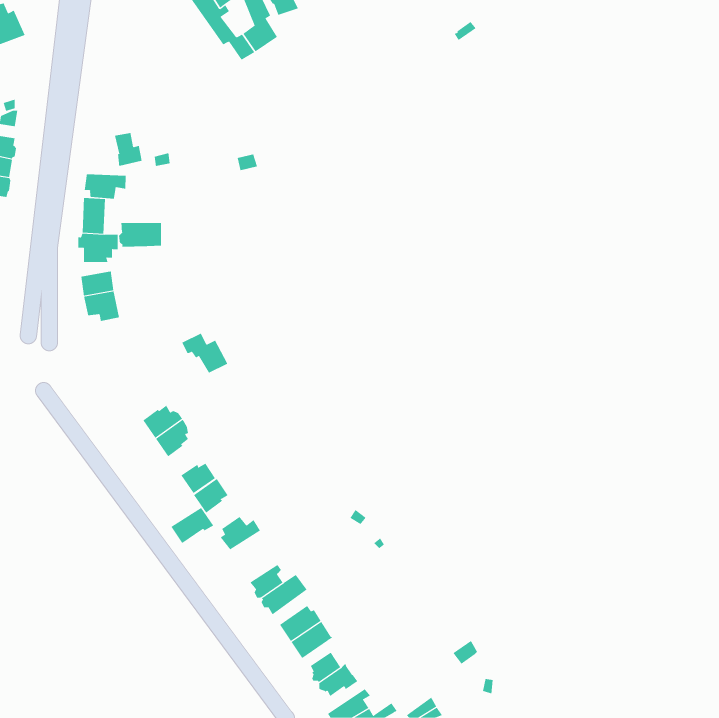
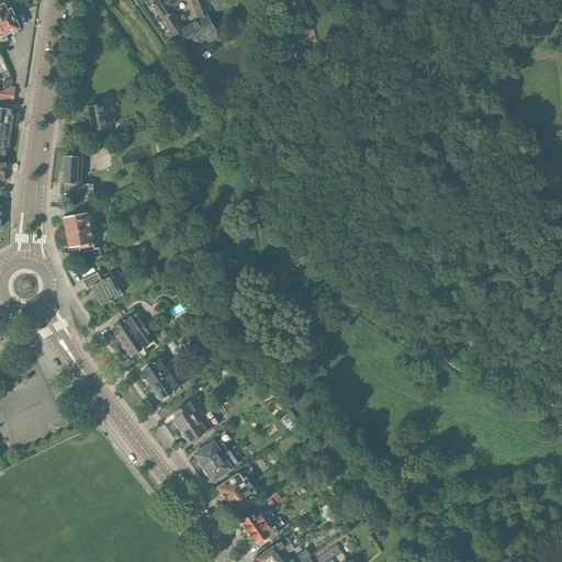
building: [84,174,126,200] -> none
building: [118,222,162,248] -> none
building: [182,333,228,374] -> [82,273,119,305]
building: [170,507,214,544] -> [179,413,213,441]

